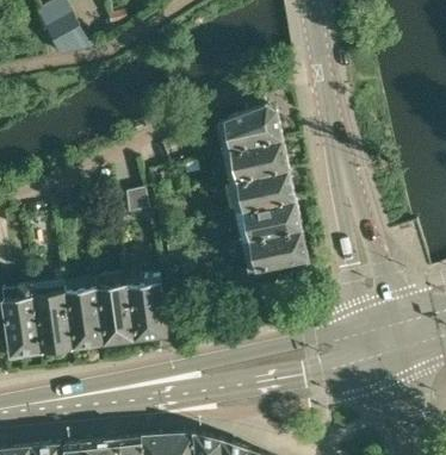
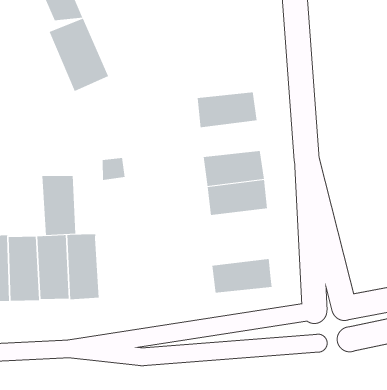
building: none -> [49,18,109,92]
building: [222,139,287,182] -> none
building: [241,230,306,272] -> [212,258,272,293]
building: [124,274,166,339] -> [42,175,76,236]

